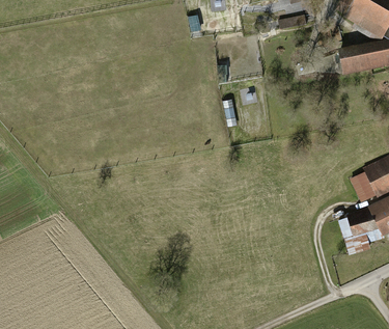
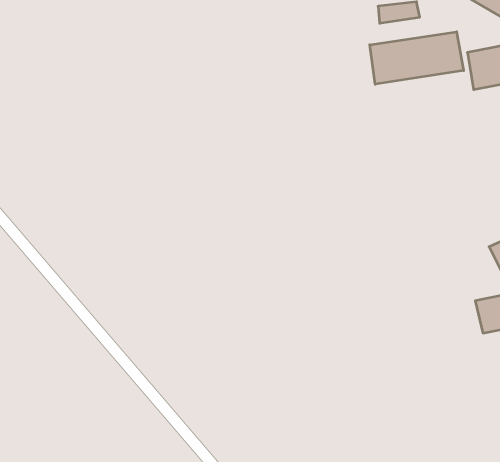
building: none -> [370,32,464,84]

